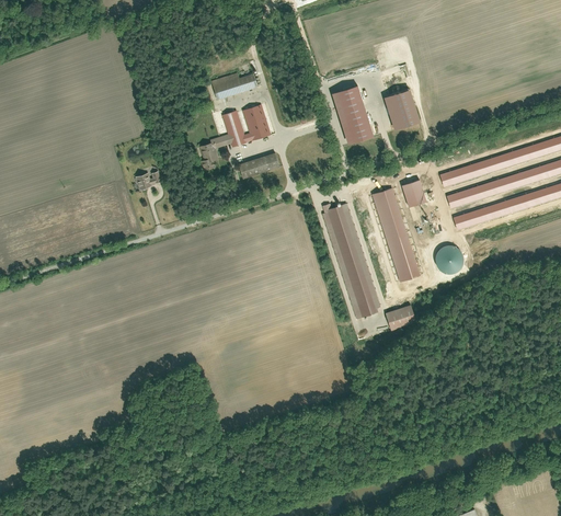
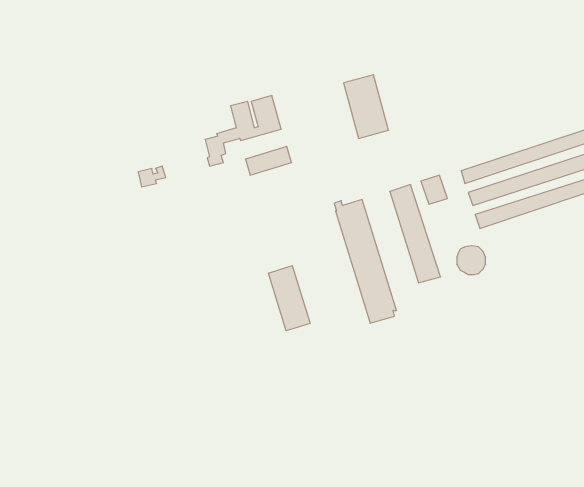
building: [210,73,256,100] -> none
building: [380,89,416,130] -> none
building: none -> [268,266,310,331]
building: [383,305,416,332] -> none

